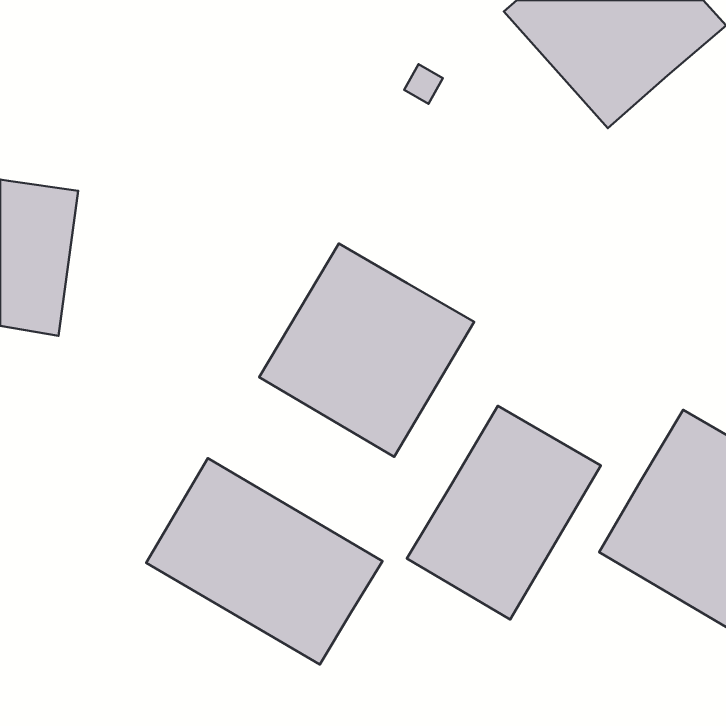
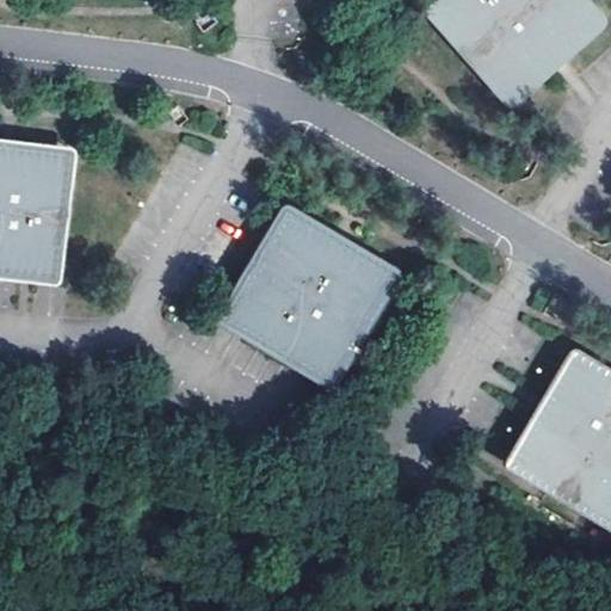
building: [407,406,601,619] -> none
building: [146,458,382,664] -> none

